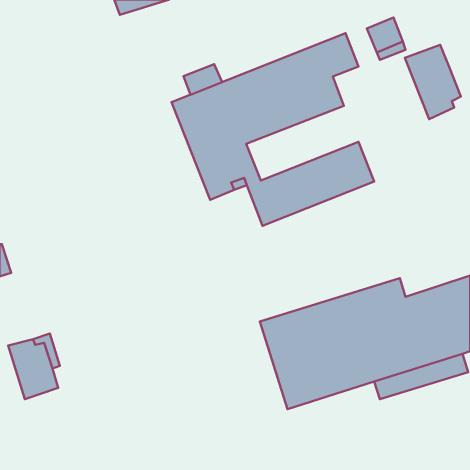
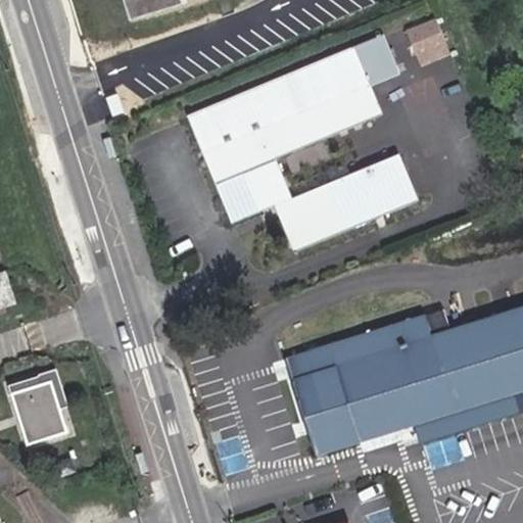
building: [405,45,461,119] -> none
building: [183,64,222,95] -> none

